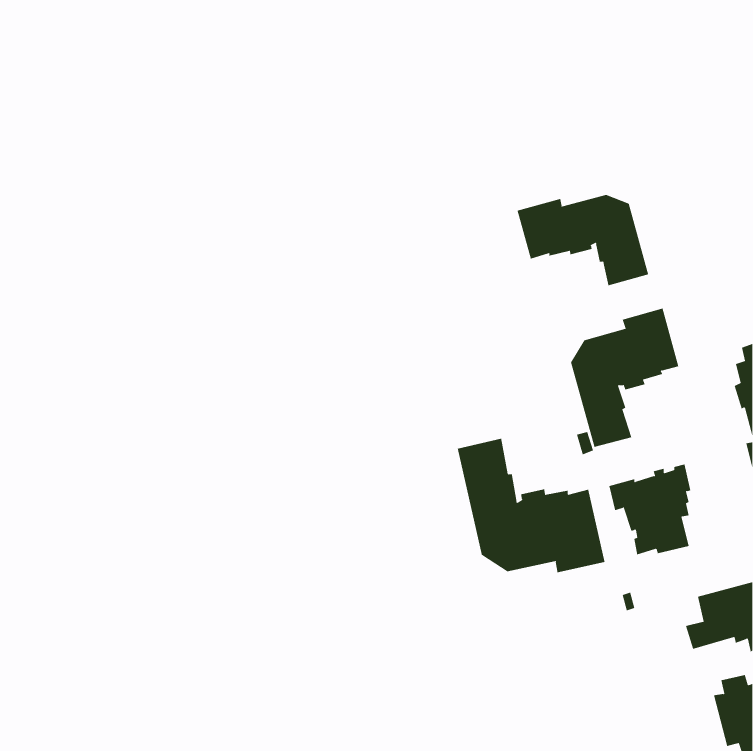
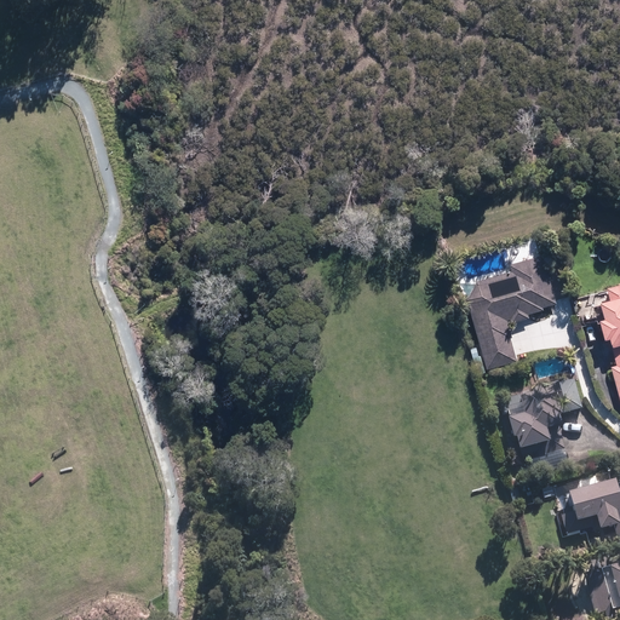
building: [517,194,649,286] -> none
building: [457,438,605,573] -> none

